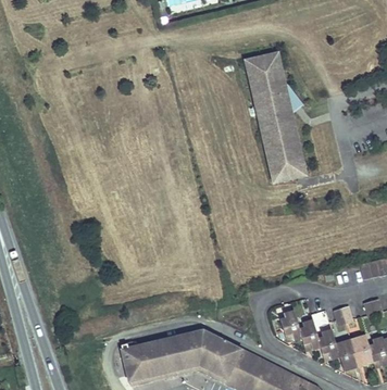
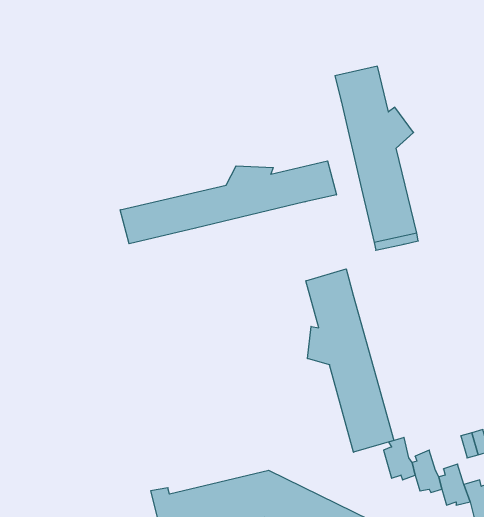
building: none -> [120,161,336,244]
building: none -> [306,269,394,452]

